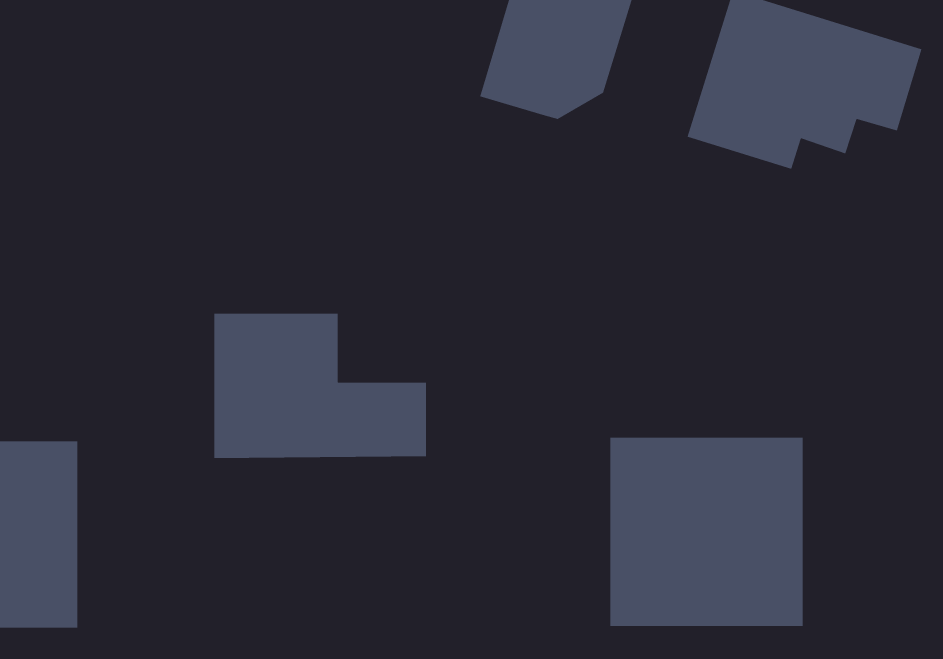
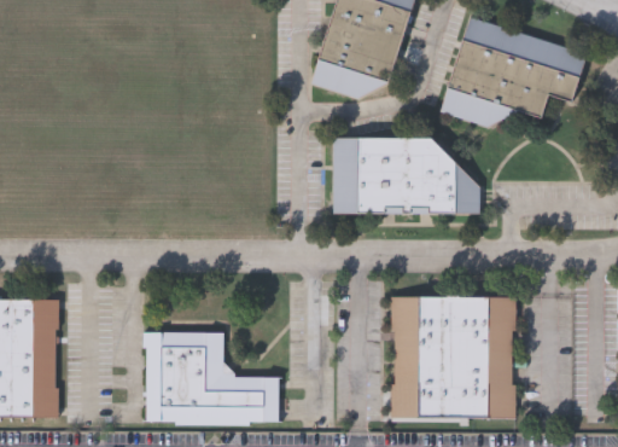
building: none -> [333,139,480,215]
building: [214,313,427,459] -> [145,333,279,425]

